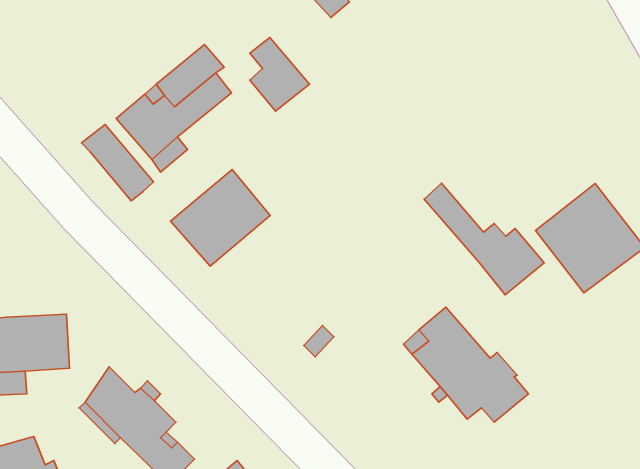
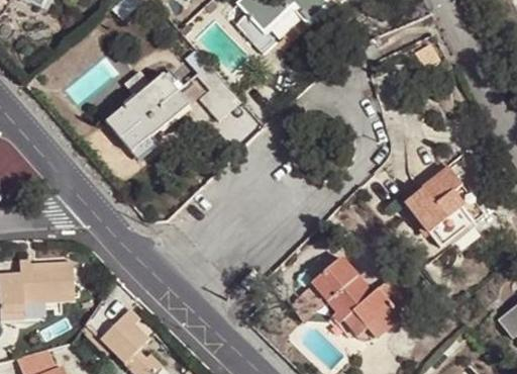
building: [81,124,153,201] -> none
building: [170,169,270,266] -> none
building: [424,183,544,295] -> none

